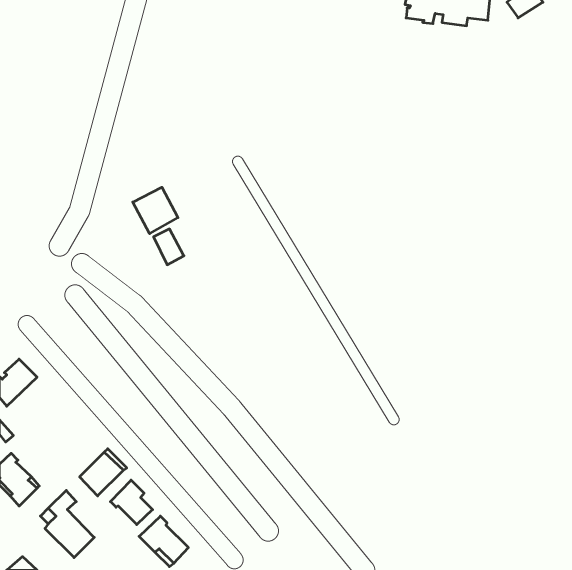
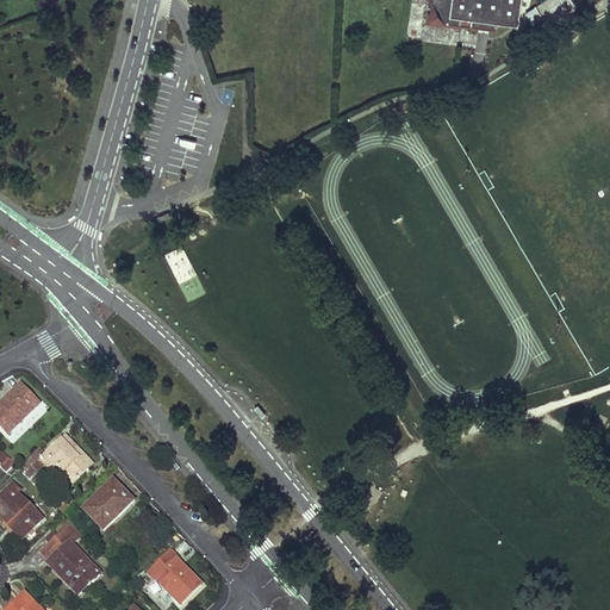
building: [133,187,178,234] -> none
building: none -> [24,434,92,486]
building: [110,480,153,525] -> none

